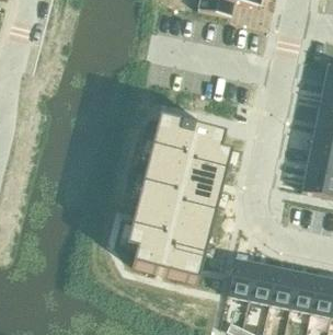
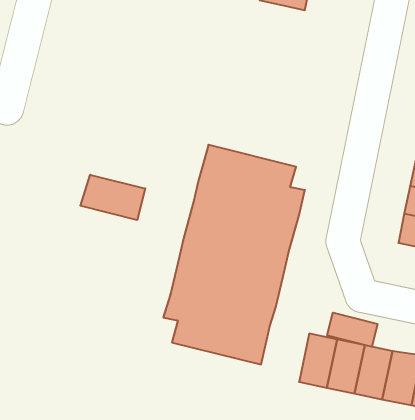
building: none -> [80,175,145,220]
building: none -> [327,313,378,347]

